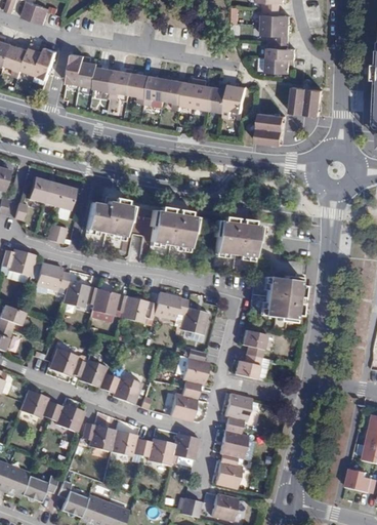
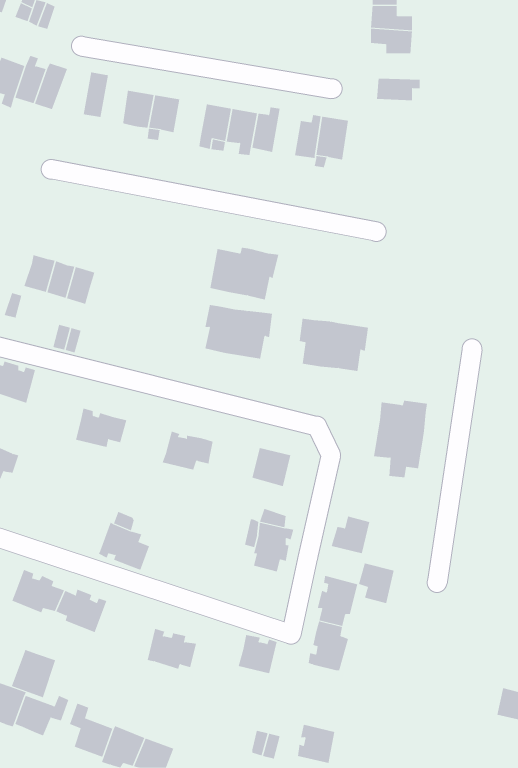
building: [266,41,295,58] -> none
building: [79,55,97,87] -> none
building: [128,72,150,97] -> none
building: [195,78,213,110] -> none
building: [290,86,322,115] -> none
building: [256,113,285,145] -> none
building: [85,201,132,237] -> [209,247,279,300]
building: [35,262,69,289] -> none
building: [91,288,126,314] -> none
building: [153,292,187,318] -> none
building: [241,329,265,357] -> [358,563,395,604]
building: [49,347,86,376] -> none
building: [106,373,140,404] -> none
building: [169,387,198,420] -> none
building: [82,422,115,450] -> none
building: [139,438,174,465] -> none
building: none -> [11,649,56,698]
building: [214,453,242,488] -> none

